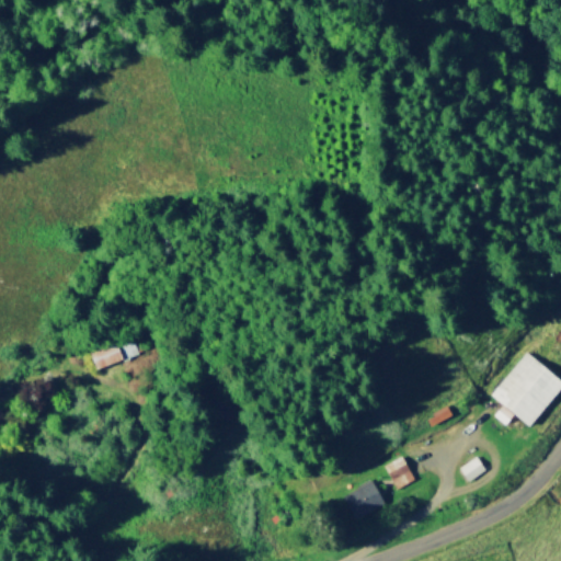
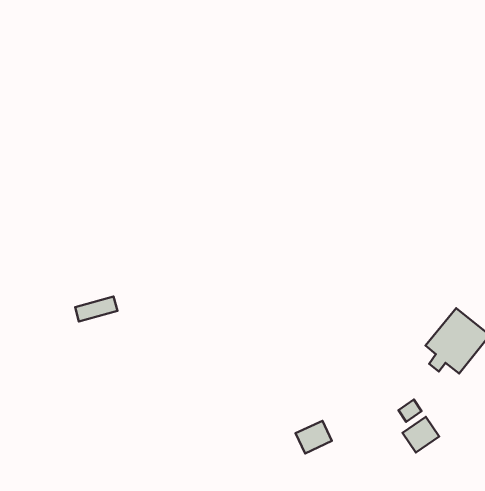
building: [386,456,416,489] -> none
building: none -> [403,417,439,453]

